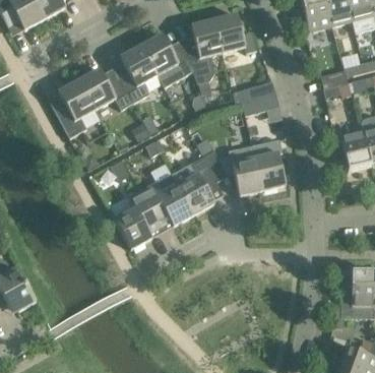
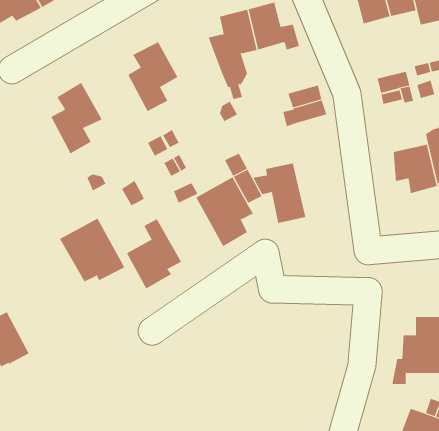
building: [141,34,193,87] -> none
building: [78,68,132,110] -> none
building: [252,139,286,190] -> none
building: [140,174,194,227] -> [59,218,125,282]

